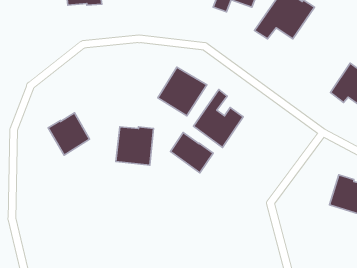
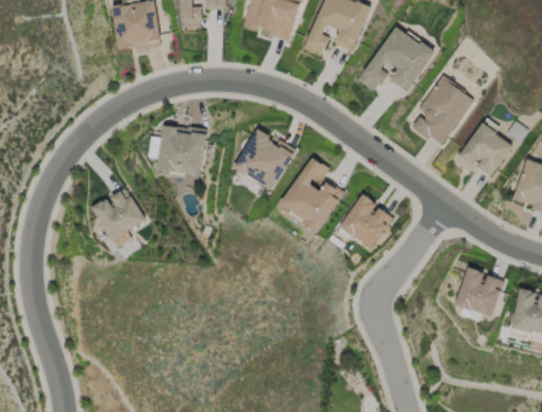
building: none -> [408,77,473,147]
building: none -> [339,193,392,249]
building: [116,127,153,165] -> [157,127,205,176]
building: [170,133,213,173] -> none

